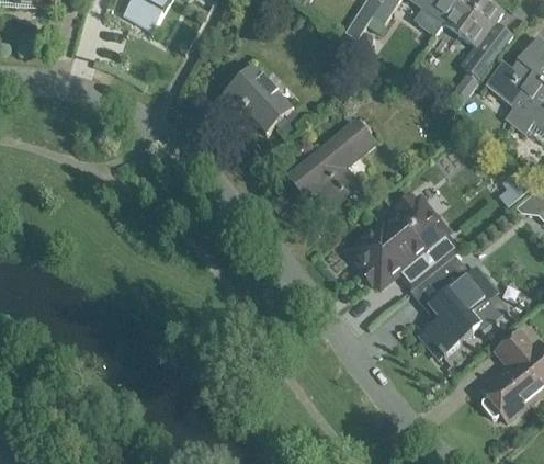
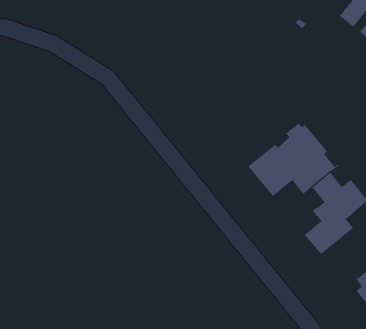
building: [217,65,294,133] -> none
building: [288,120,375,210] -> none

